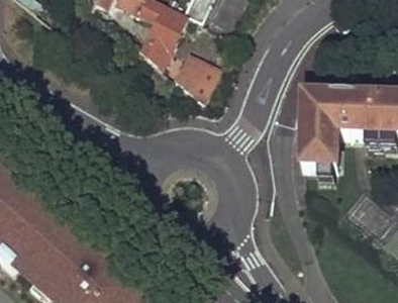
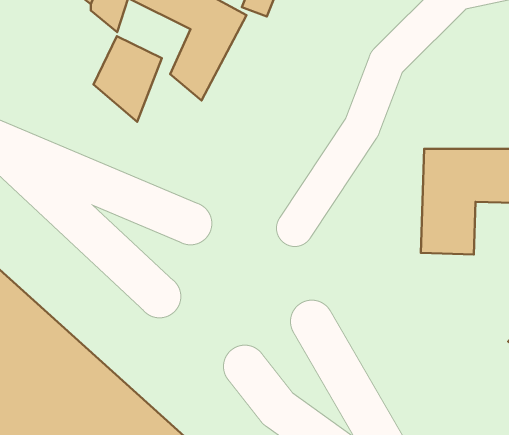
building: [176,48,220,104] -> [93,36,162,122]

